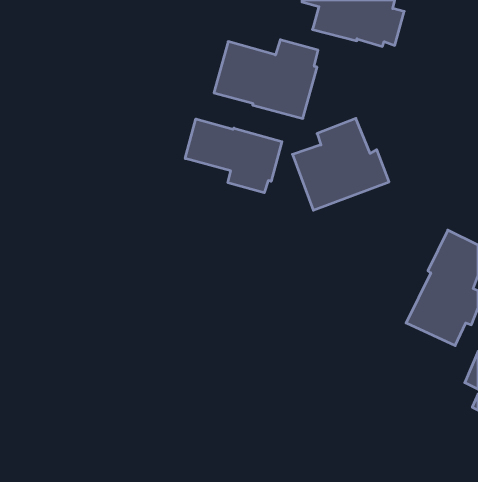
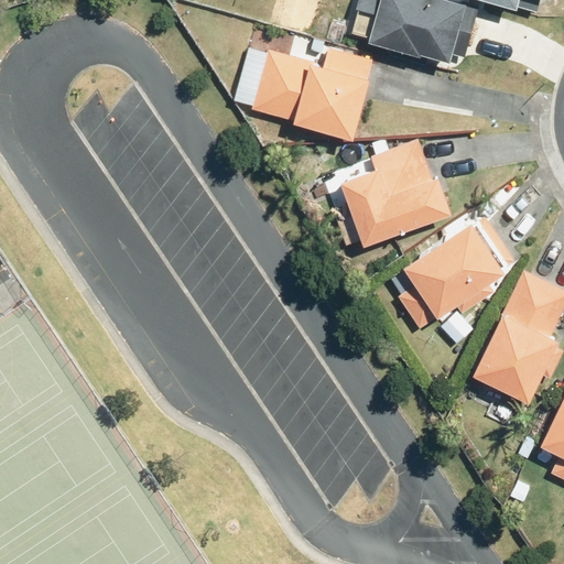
building: [185,119,282,193] -> none
building: none -> [394,216,512,330]

